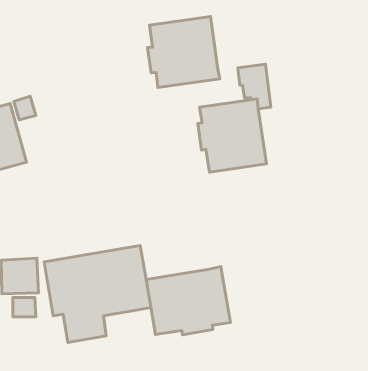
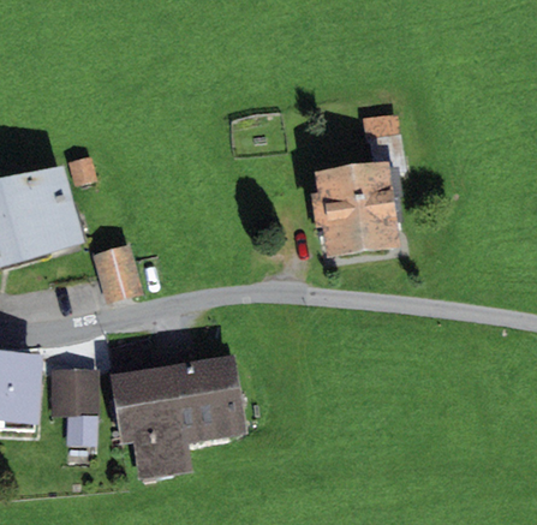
building: [147,17,220,88] -> none
building: none -> [93,245,144,305]
building: [146,267,230,335] -> none

